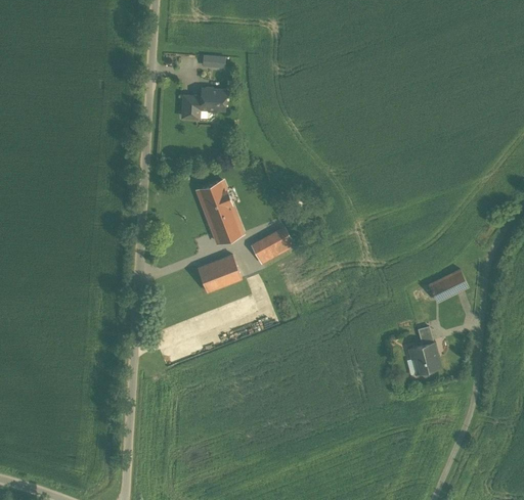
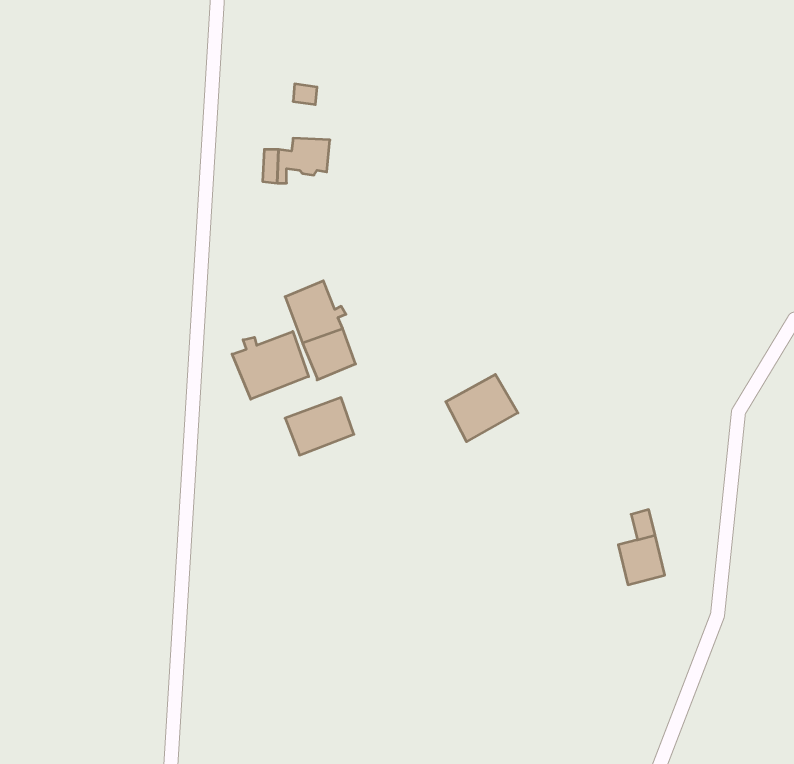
building: none -> [232,331,309,399]
building: [251,227,297,270] -> [446,374,518,442]
building: [428,270,468,304] -> none

